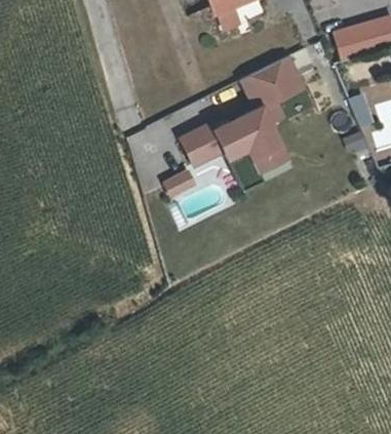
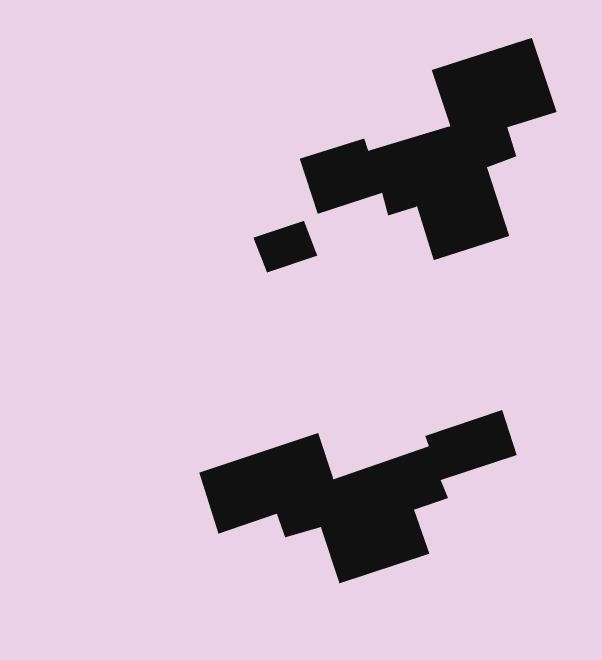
building: none -> [199,409,518,584]

